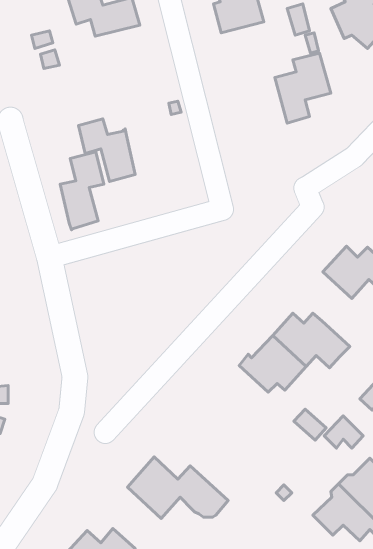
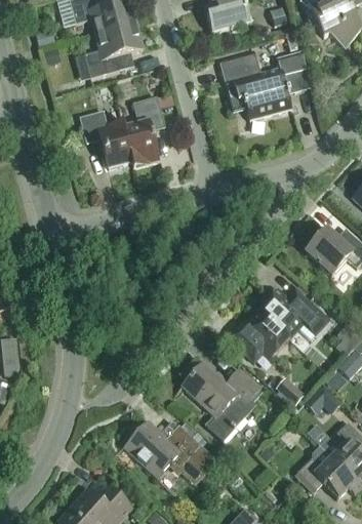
building: none -> [85,25,143,78]
building: none -> [218,48,272,120]
building: [60,152,104,230] -> [124,96,164,168]
building: none -> [182,364,263,442]

